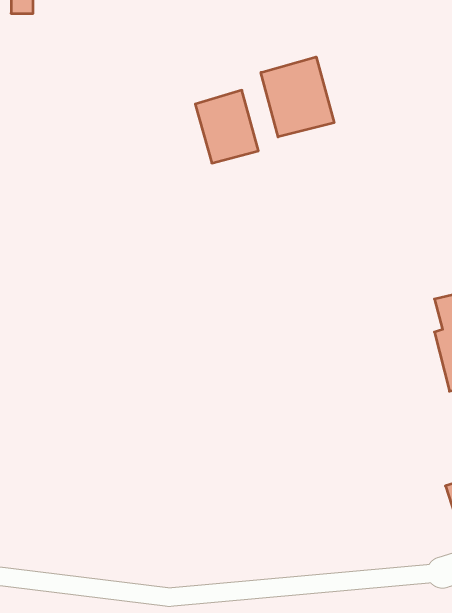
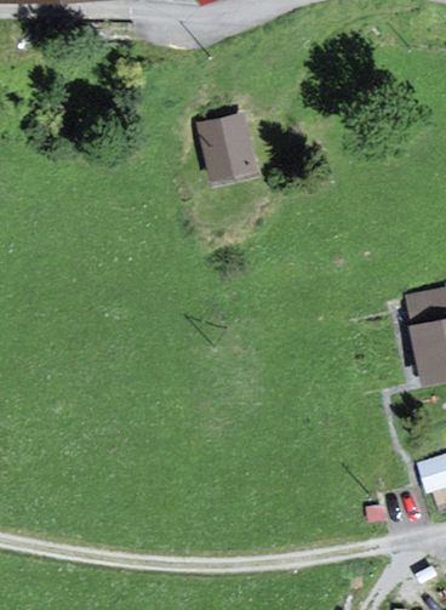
building: [261,57,334,137] -> none

